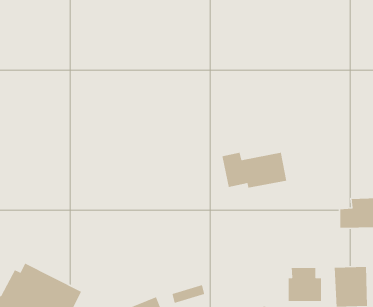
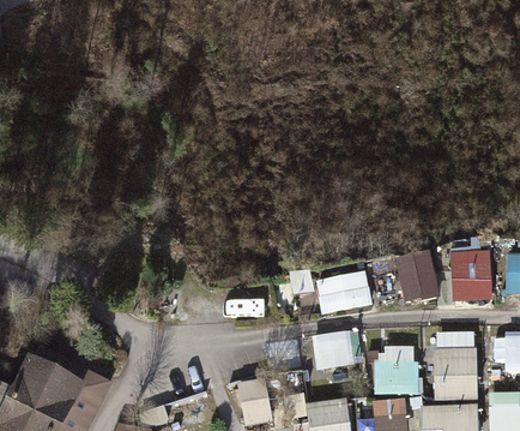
building: [222,152,287,189] -> [288,268,371,315]
building: none -> [395,258,436,298]
building: none -> [312,330,362,367]

